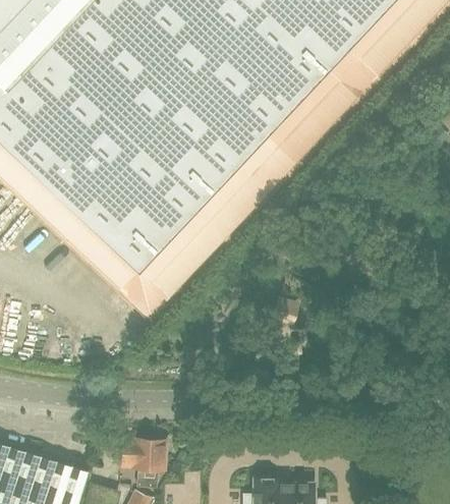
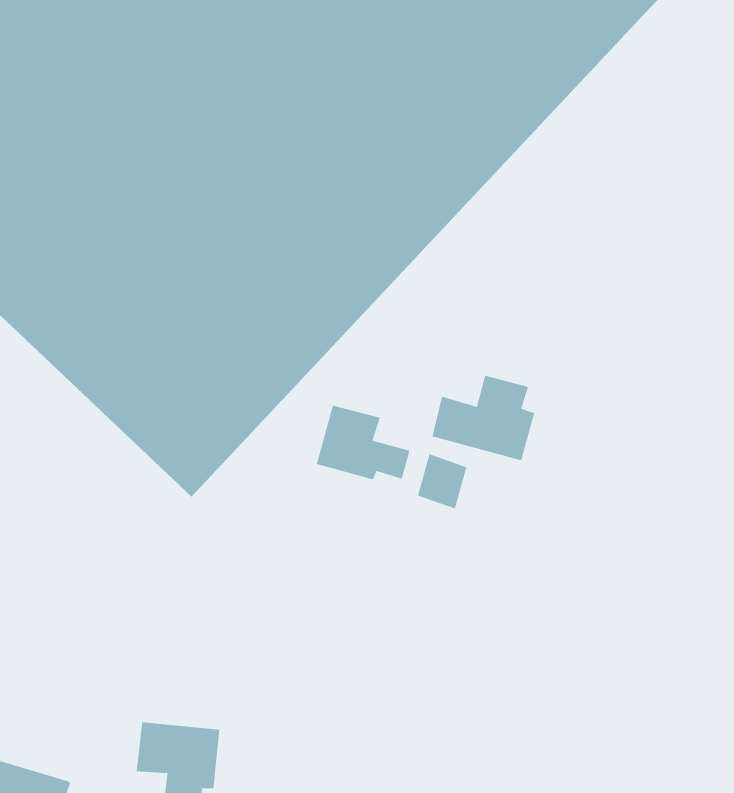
building: none -> [432,375,535,461]
building: none -> [316,405,410,480]

